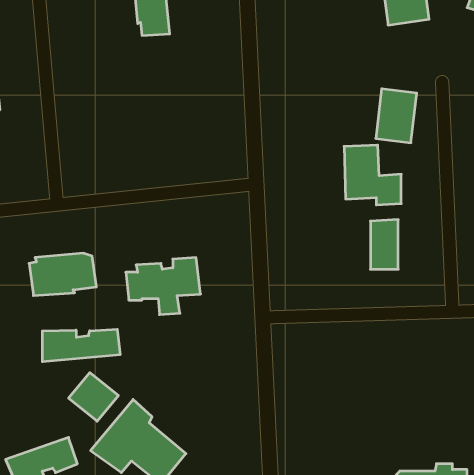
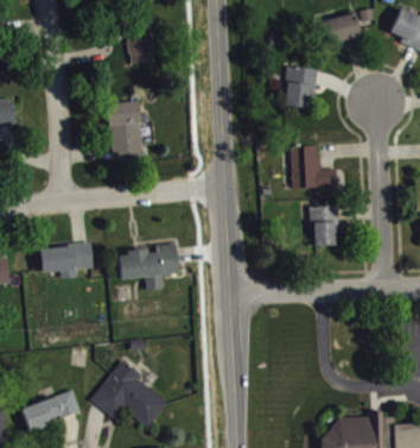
building: none -> [106,97,144,159]
building: [376,89,417,143] -> [287,70,320,114]
building: [42,329,120,362] -> none
building: [69,373,118,421] -> none

